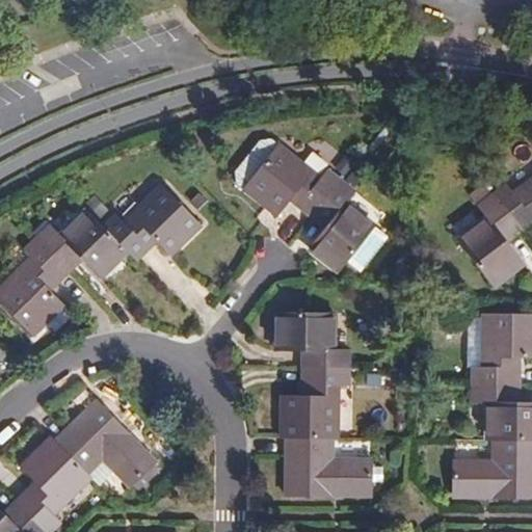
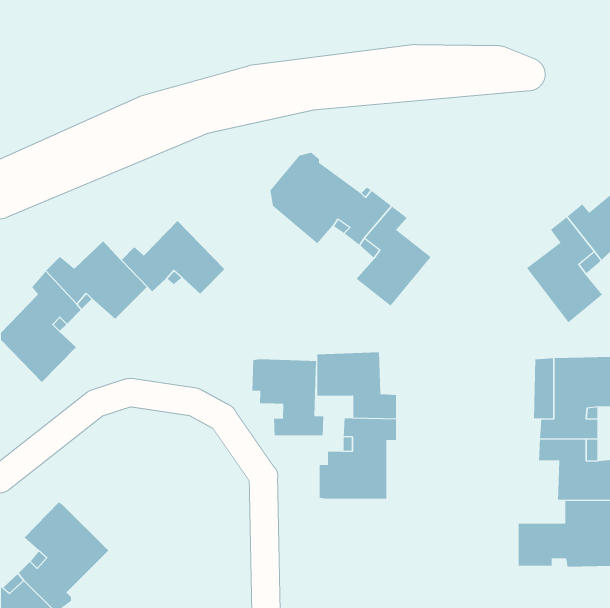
building: none -> [252,359,324,436]
building: [57,402,159,490] -> none
building: [284,436,369,491] -> none

